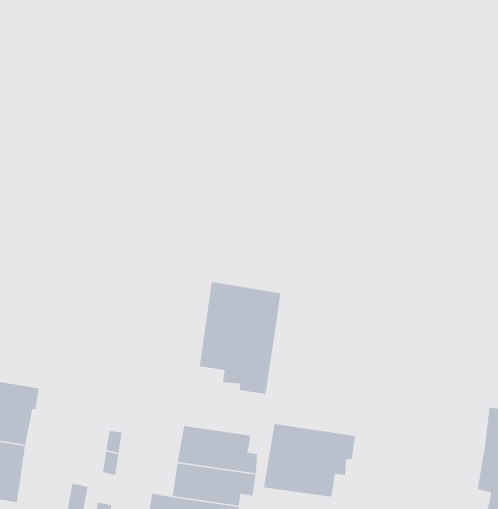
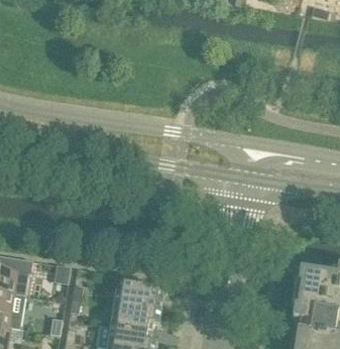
building: [199,281,281,395] -> none
building: [263,423,356,497] -> none

